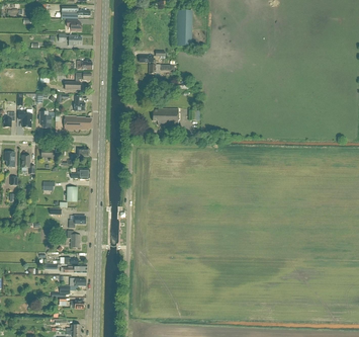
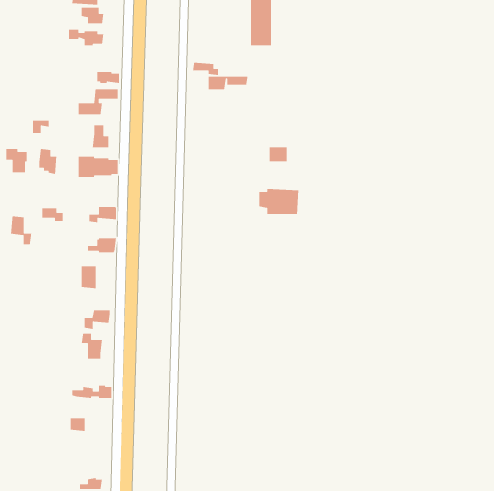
building: [153,107,179,124] -> [259,188,299,215]

